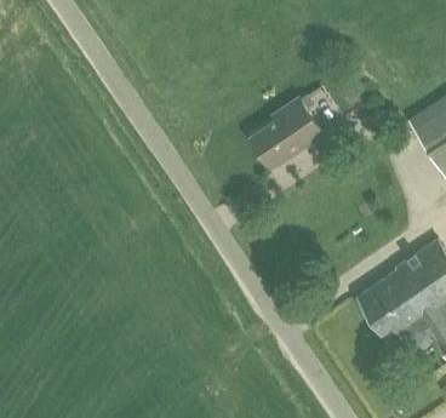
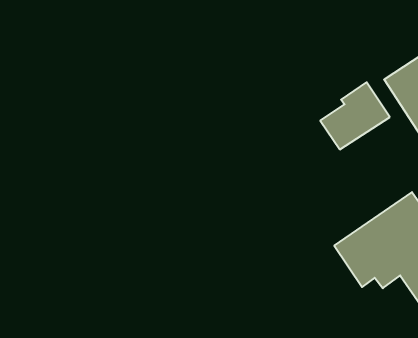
building: [251,98,324,168] -> [320,82,390,149]

